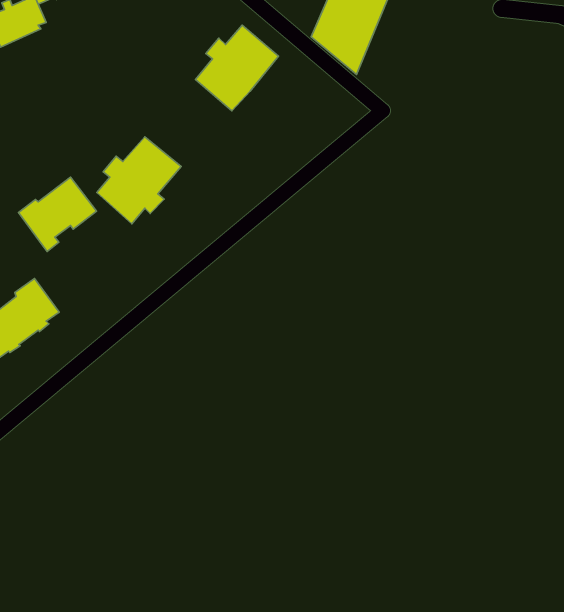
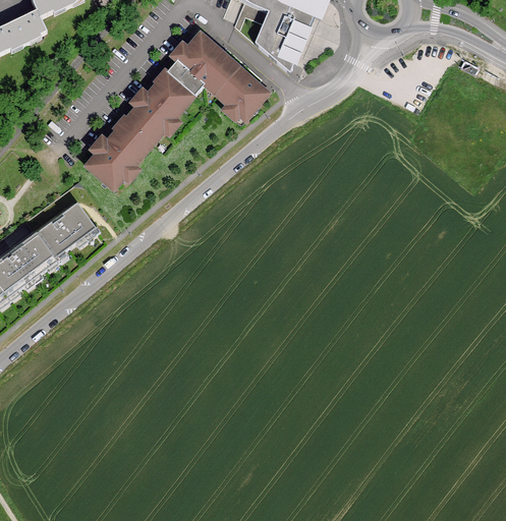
building: none -> [207,56,269,117]
building: none -> [124,74,192,142]
building: [19,177,97,251] -> [38,202,99,260]

